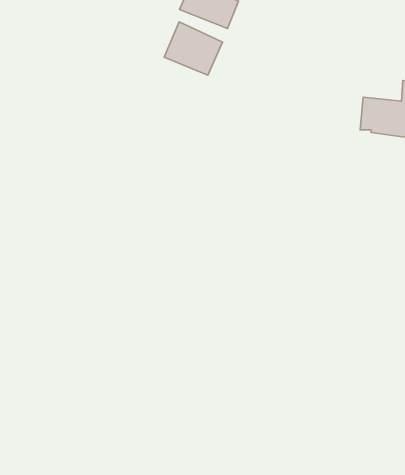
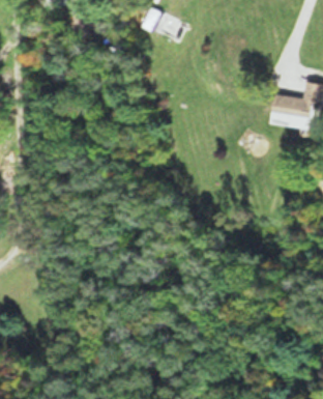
building: [164,22,223,75] -> none

